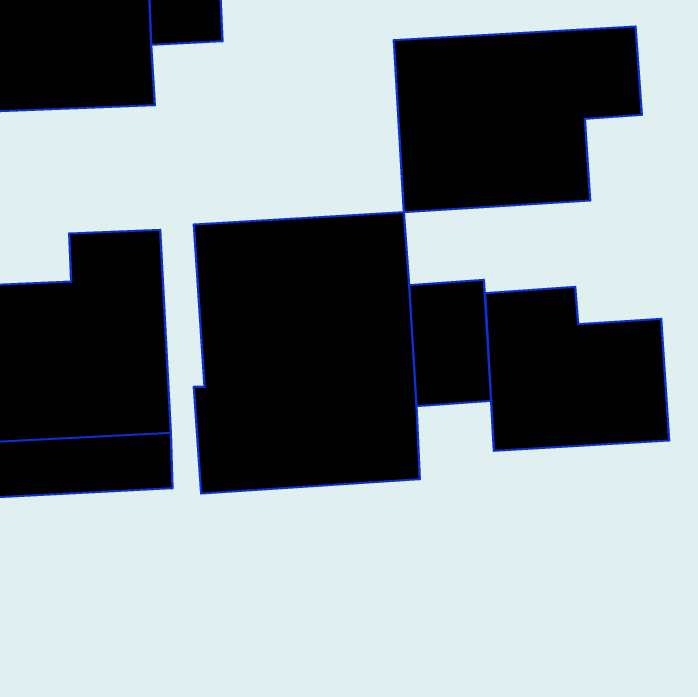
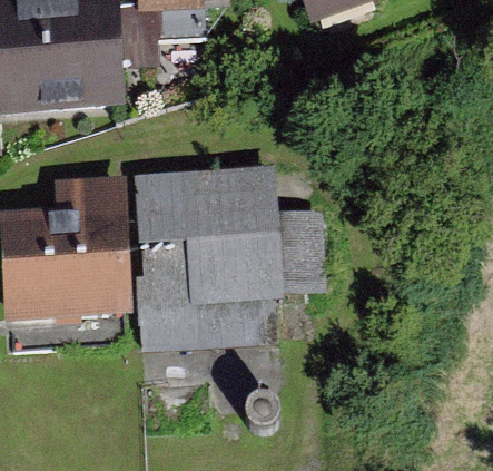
building: [394,27,642,212] -> none
building: [485,287,669,451] -> none

